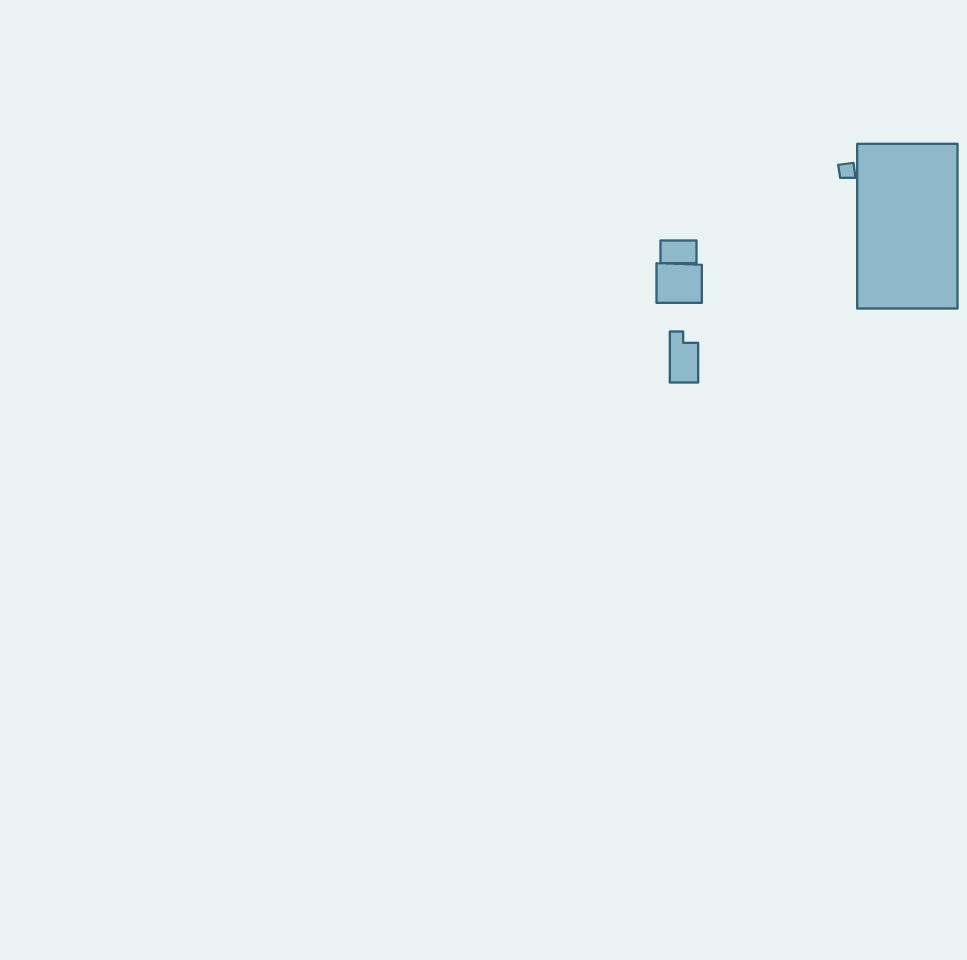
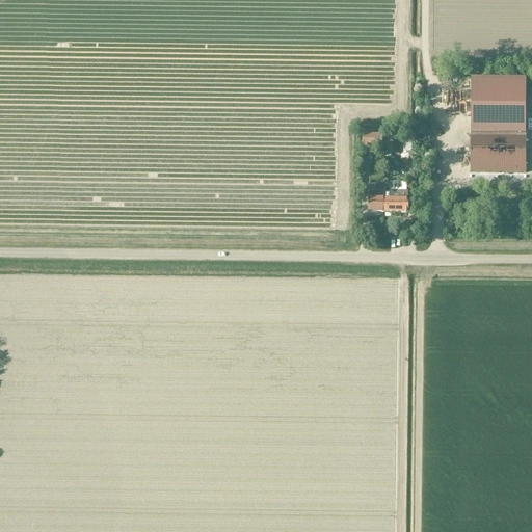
building: [656,263,702,303] -> [383,188,408,210]

